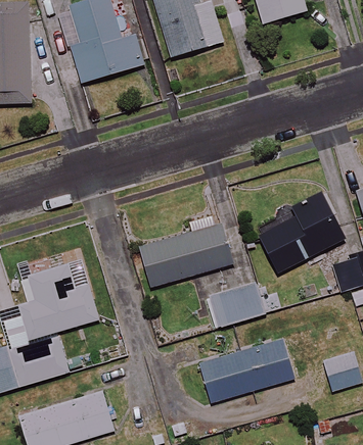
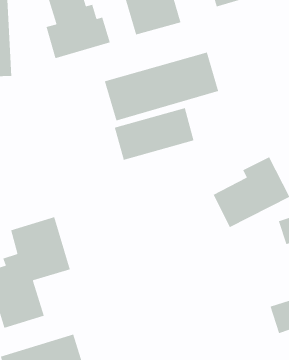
building: none -> [104,51,219,122]
building: [140,226,231,286] -> [114,107,195,161]
building: [206,283,264,328] -> none
building: [198,339,292,402] -> none

